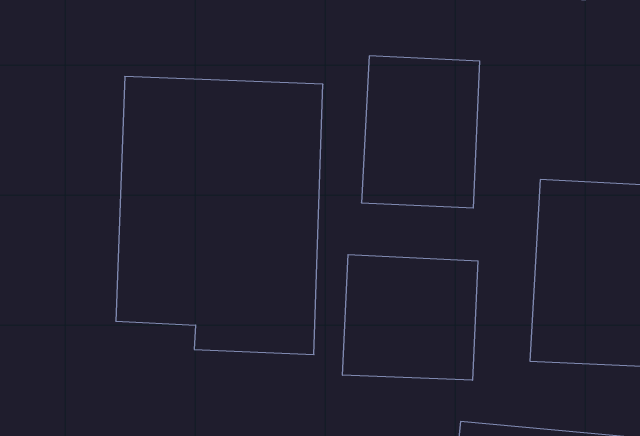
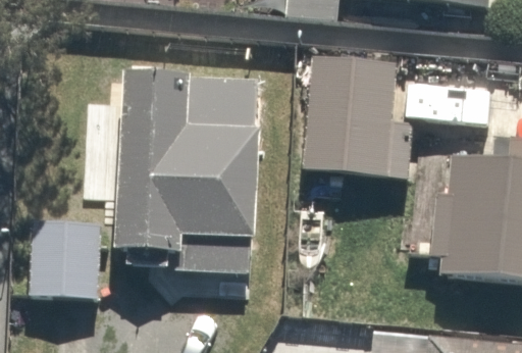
building: [343,255,478,380] -> none
building: none -> [23,208,106,302]

